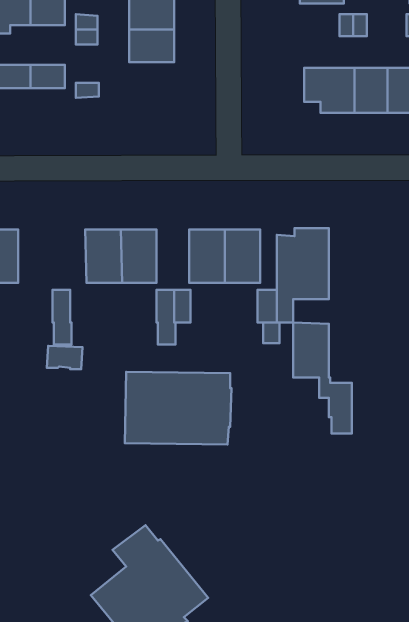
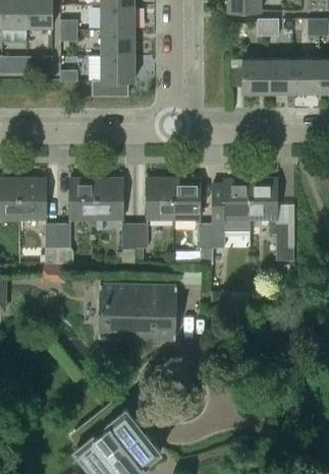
building: none -> [92,55,134,96]
building: none -> [18,179,44,219]
building: none -> [57,224,74,264]
building: [293,323,352,434] -> [250,178,293,260]

